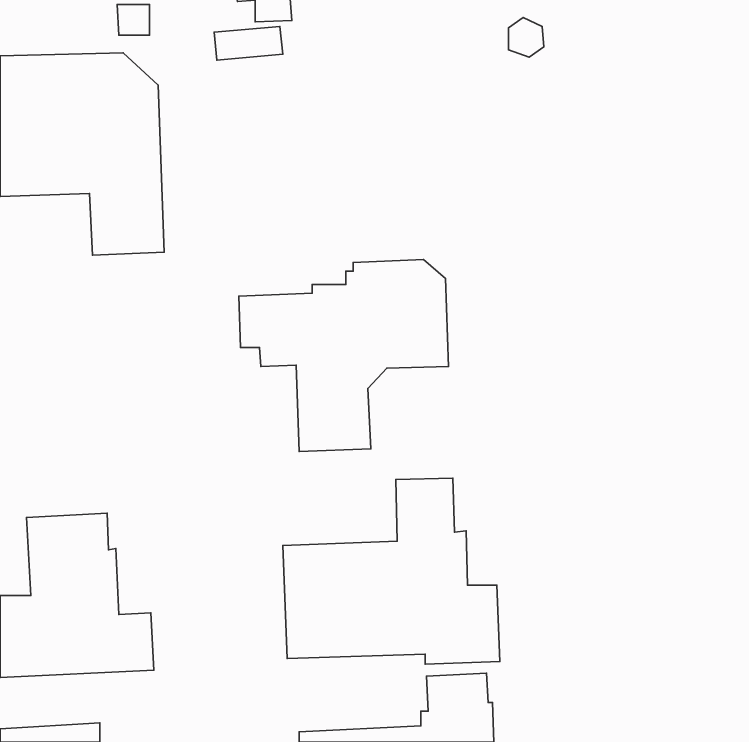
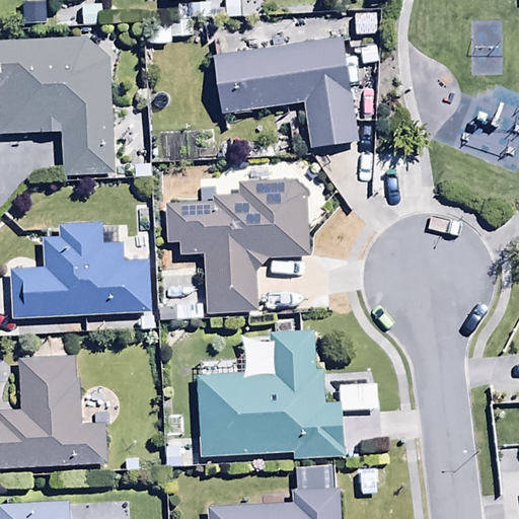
building: none -> [214,35,357,150]
building: none -> [8,222,151,318]

